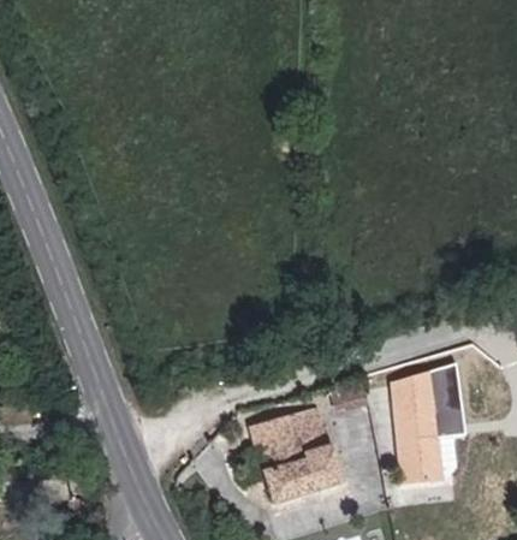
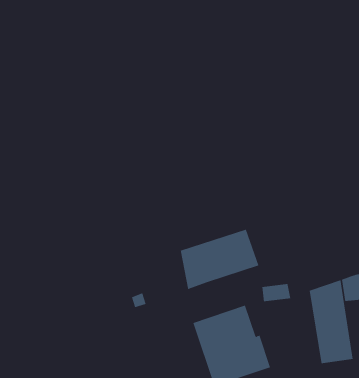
building: none -> [180,229,259,290]

